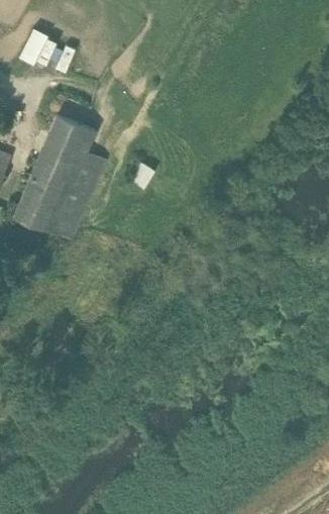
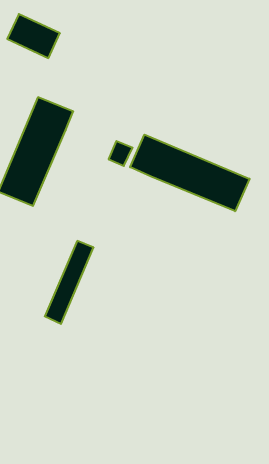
building: [51,151,103,239] -> [45,241,94,324]
building: none -> [130,135,250,211]

